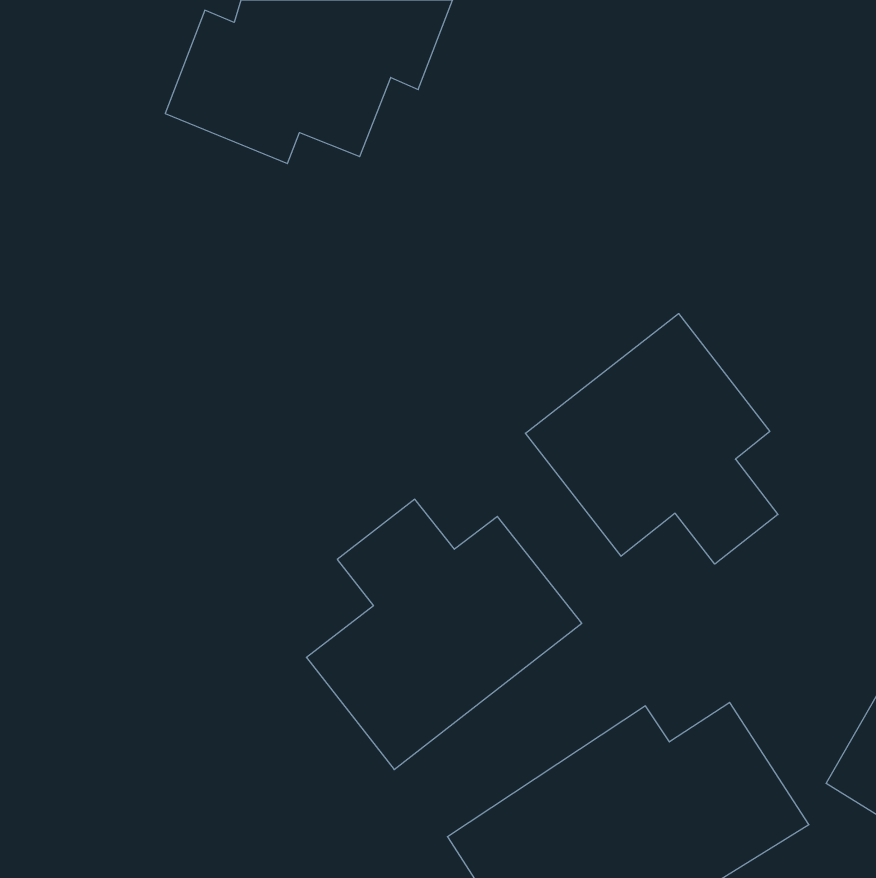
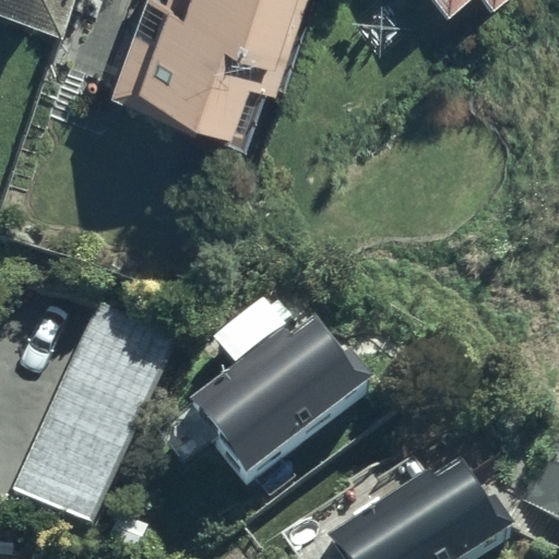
building: [525,314,778,564] -> none
building: none -> [12,299,180,527]

